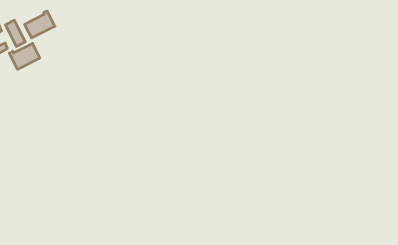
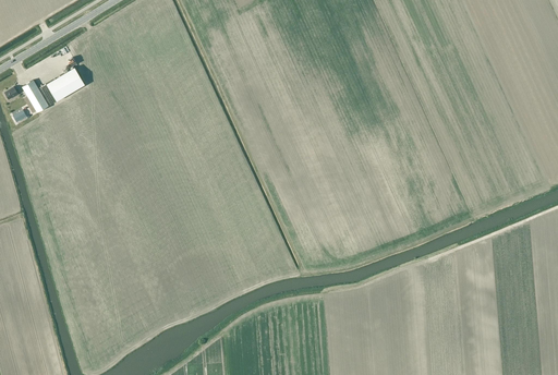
building: [9,43,40,69] -> none

